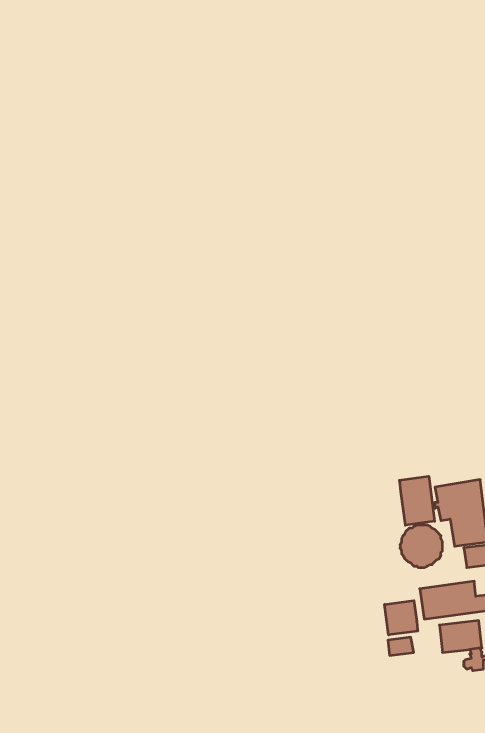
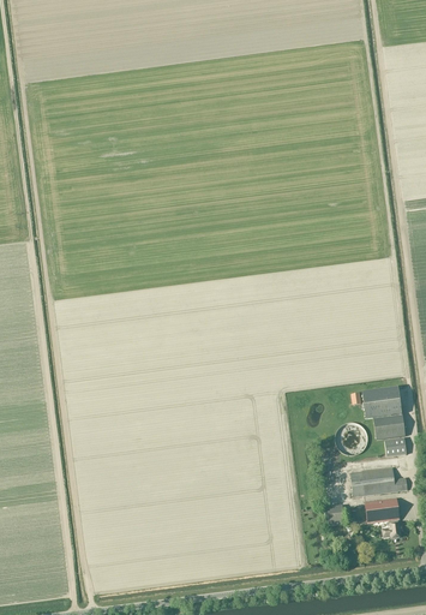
building: [399,476,435,525] -> none
building: [385,601,418,635] -> none

